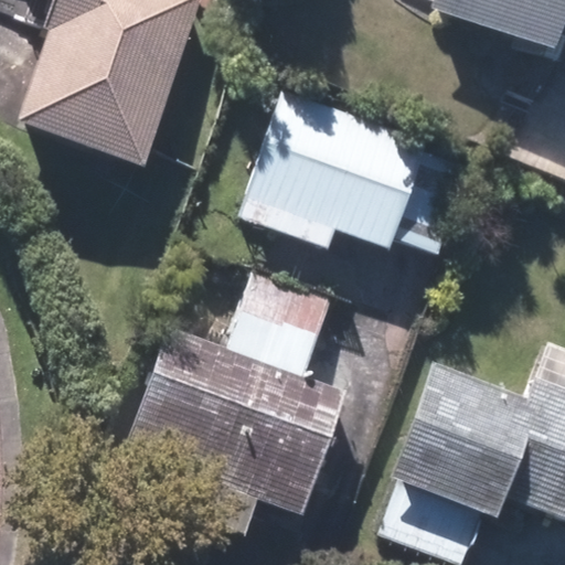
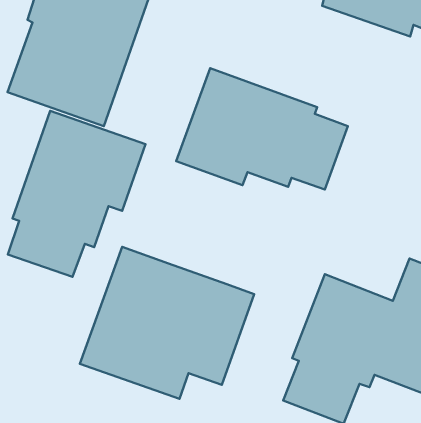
building: none -> [8,111,146,277]
building: [228,268,333,377] -> none

